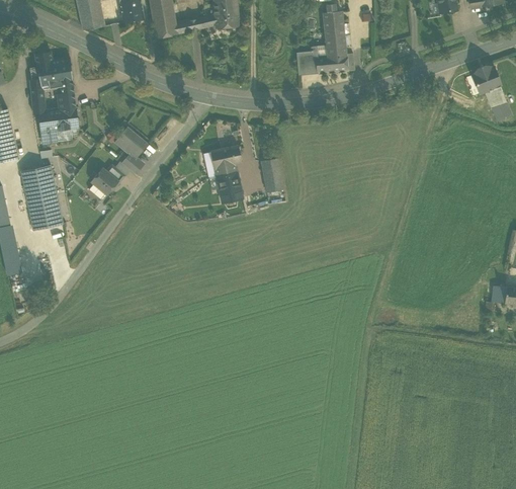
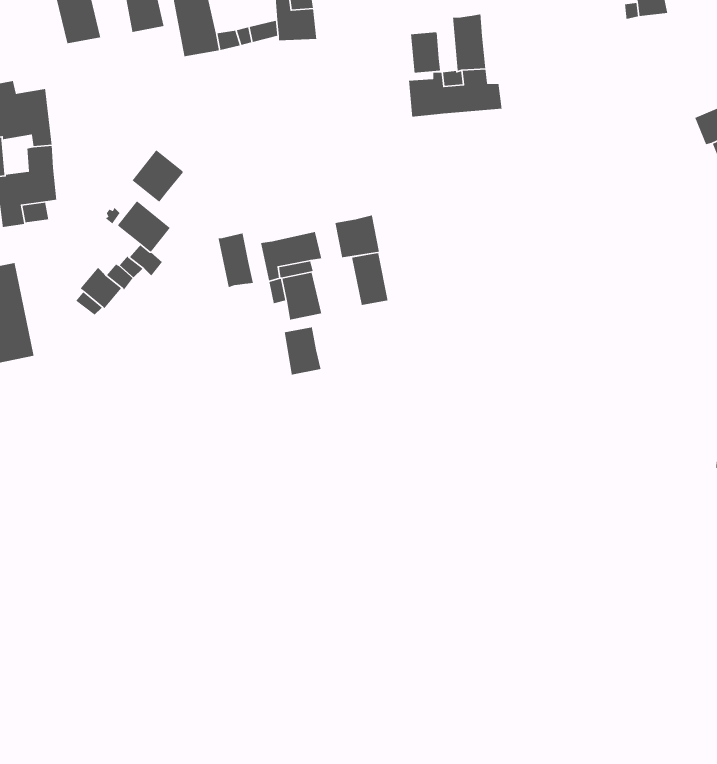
building: none -> [410,32,441,74]
building: none -> [131,149,184,202]
building: none -> [335,215,380,258]
building: none -> [217,233,254,288]
building: none -> [284,326,321,375]

